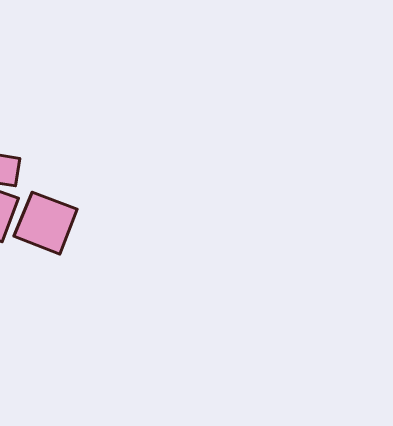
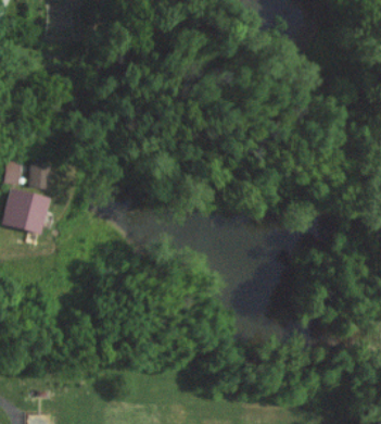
building: [14,192,77,254] -> none

